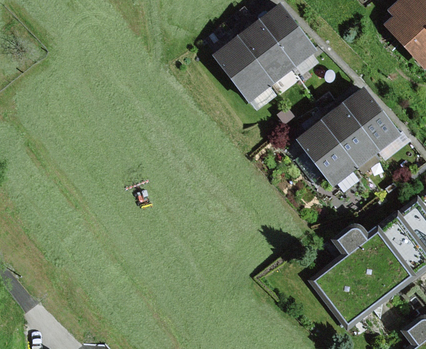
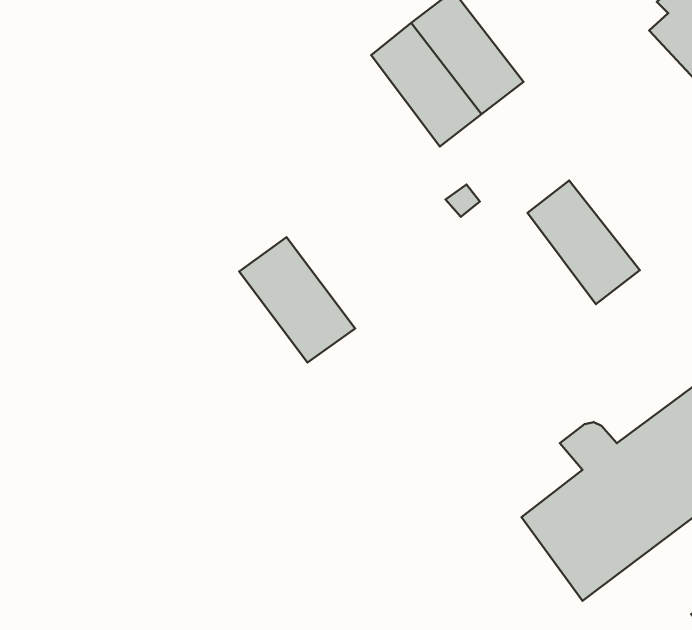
building: [212,38,273,104] -> [239,237,355,363]
building: [341,87,399,151] -> none
building: [295,121,355,187] -> none

